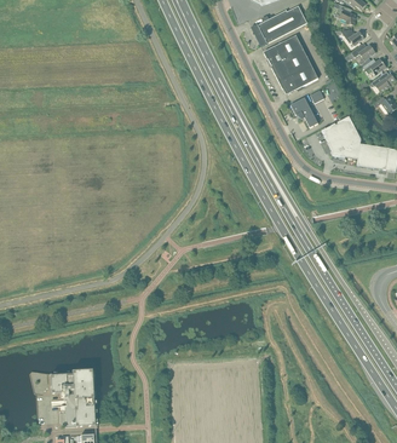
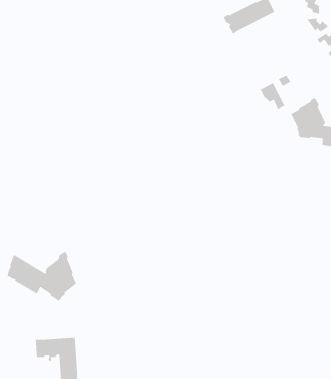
building: [264,34,318,94] -> none
building: none -> [7,250,77,302]

